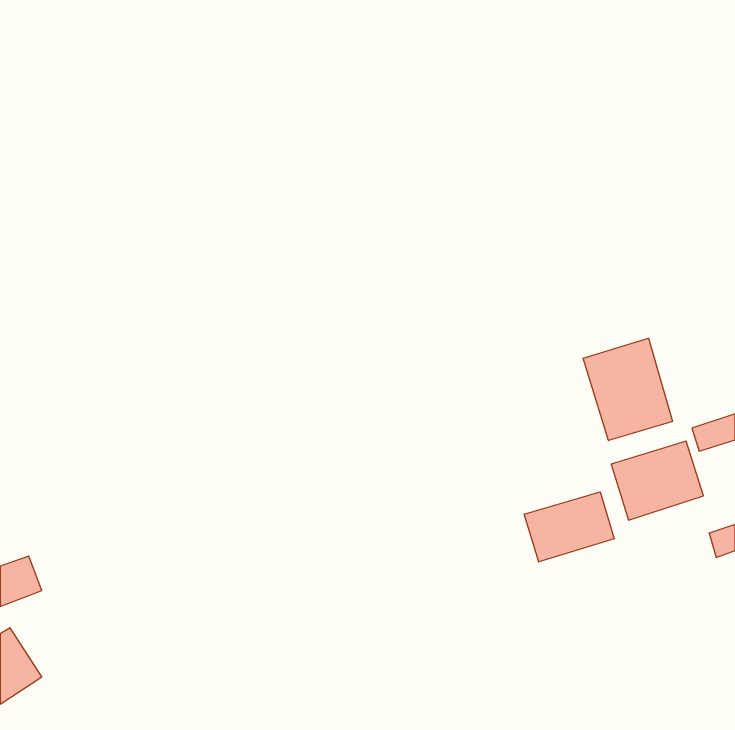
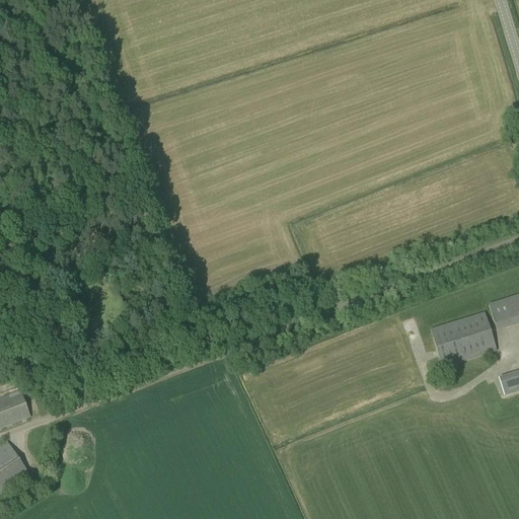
building: [583,338,672,441] -> none
building: [524,492,614,562] -> none

